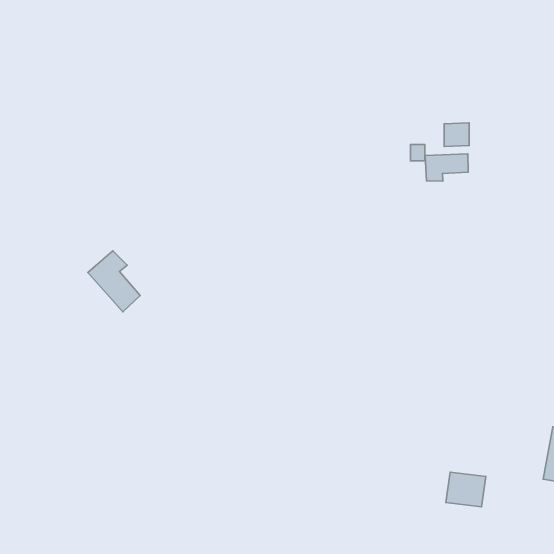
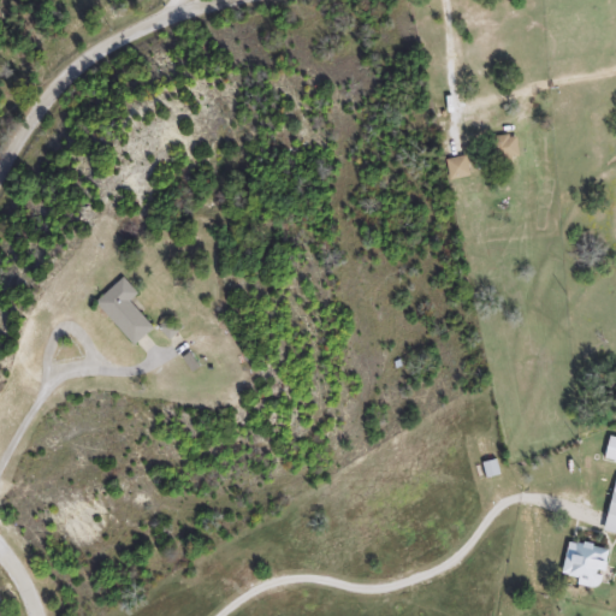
building: [425,154,468,181] -> none
building: [446,472,486,507] -> [562,541,606,580]

